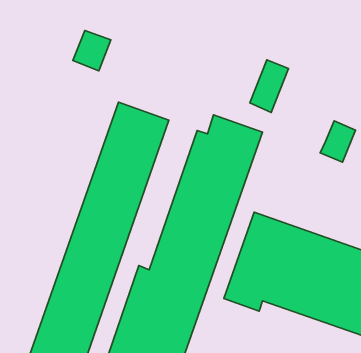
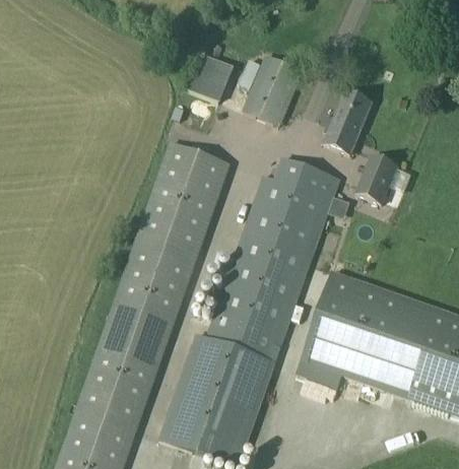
building: none -> [244,55,302,124]
building: [73,30,111,71] -> [189,54,234,102]
building: [320,121,356,162] -> [356,152,398,201]

